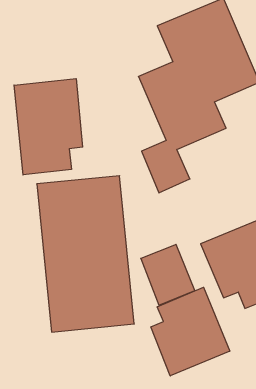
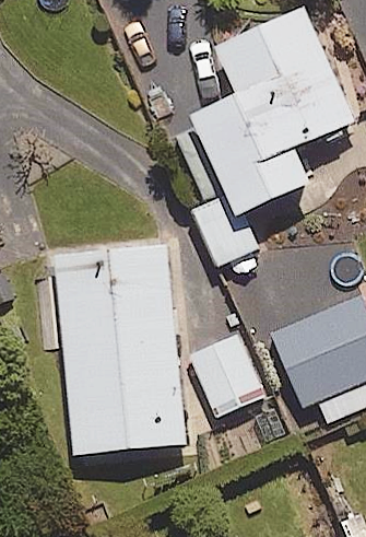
building: [14,79,83,175] -> none
building: [151,287,230,376] -> none

